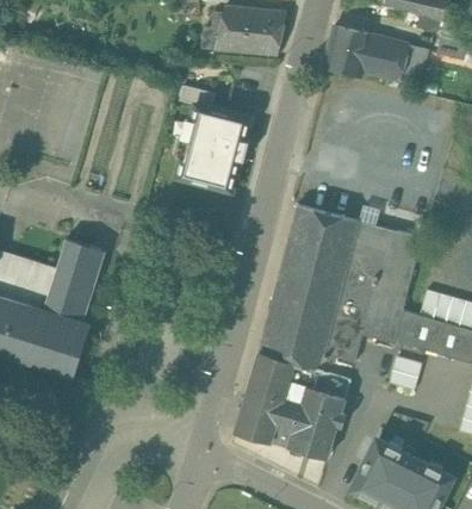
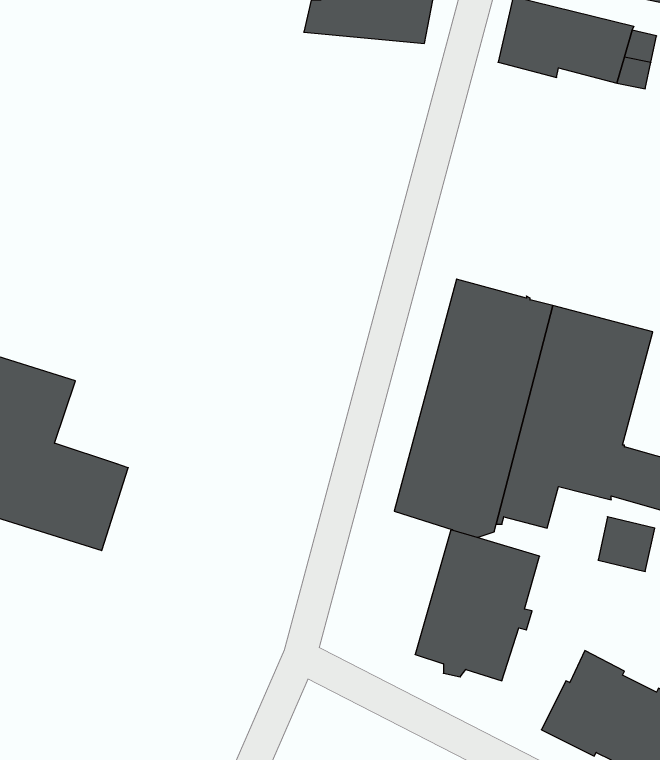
building: [181,106,247,190] -> none
building: [43,238,104,321] -> none
building: [234,350,294,442] -> none

